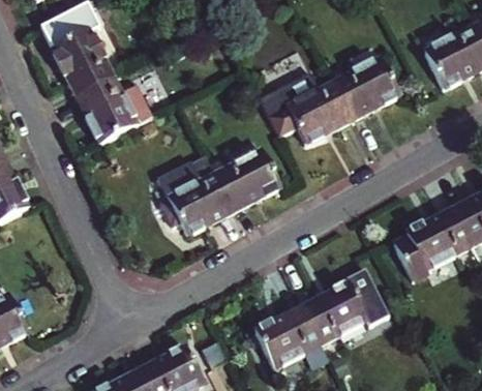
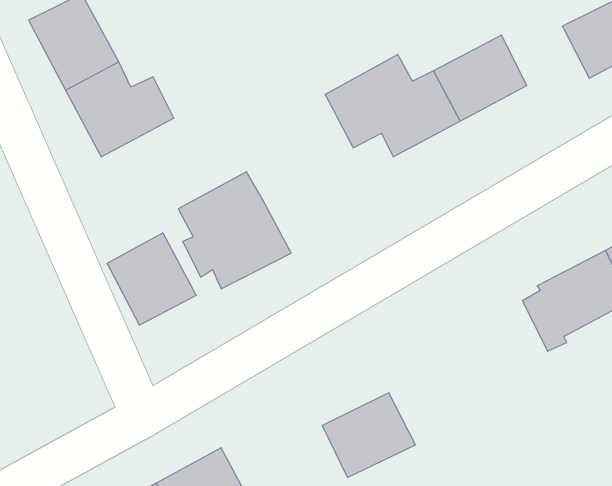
building: [213,147,279,209] -> none
building: none -> [107,233,196,325]
building: [301,274,375,342] -> none

